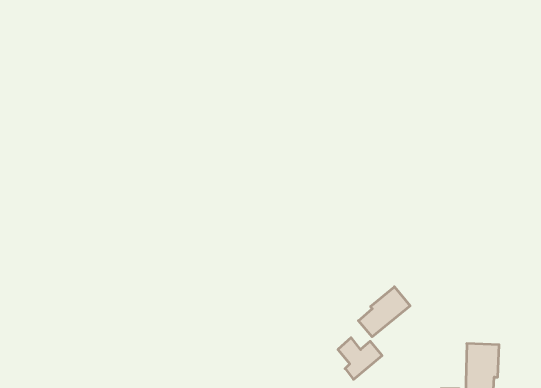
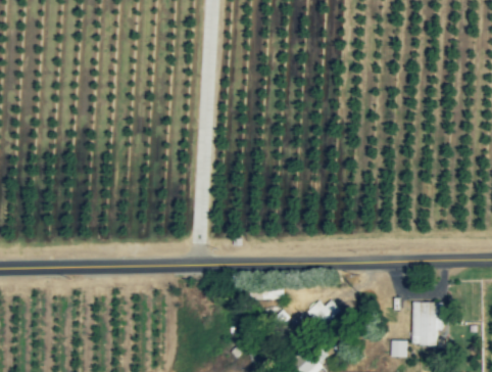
building: [358,287,410,337] -> none

